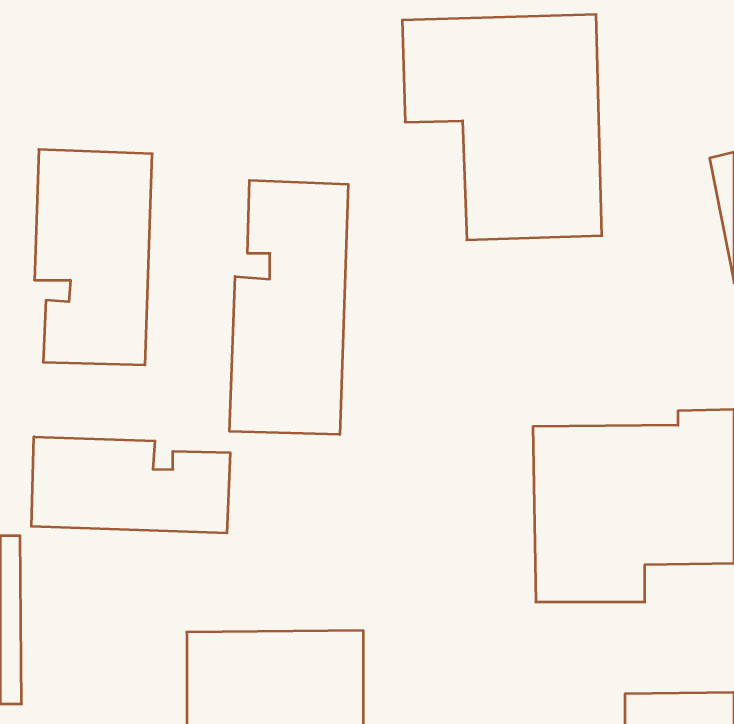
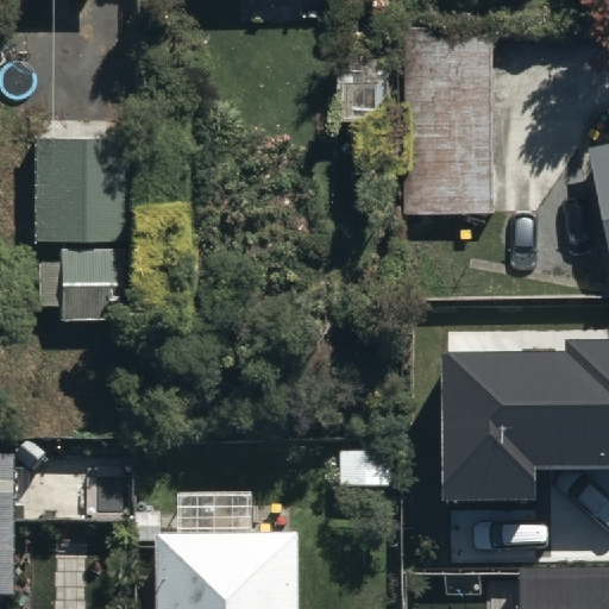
building: [230,180,348,435] -> none
building: [31,437,230,533] -> none

